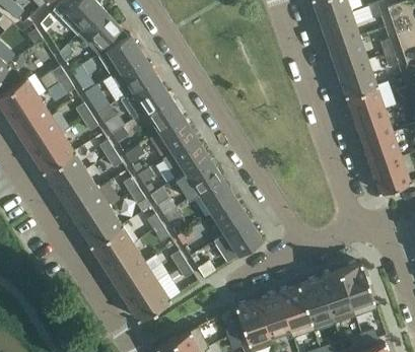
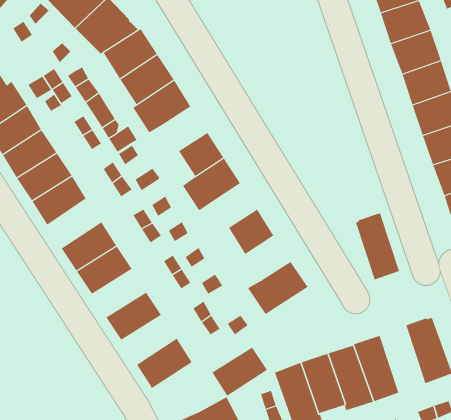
building: [145,96,182,132] -> none
building: [175,157,221,200] -> none
building: [54,169,97,209] -> none
building: [211,199,248,234] -> none
building: [89,225,133,264] -> none
building: [113,262,157,301] -> [212,347,268,397]
building: [319,270,354,324] -> [355,212,400,280]

